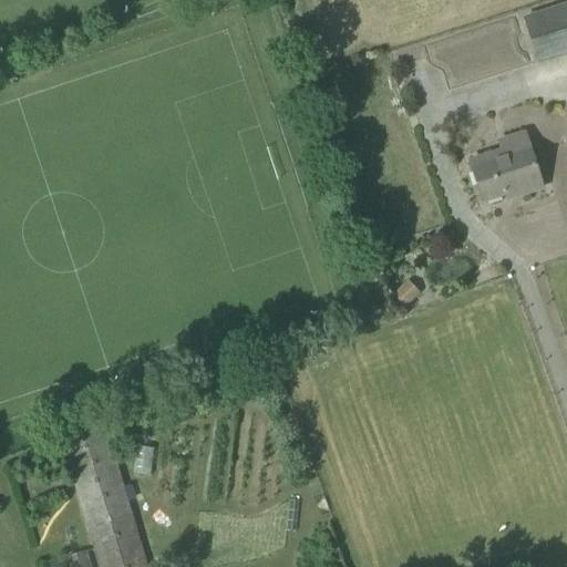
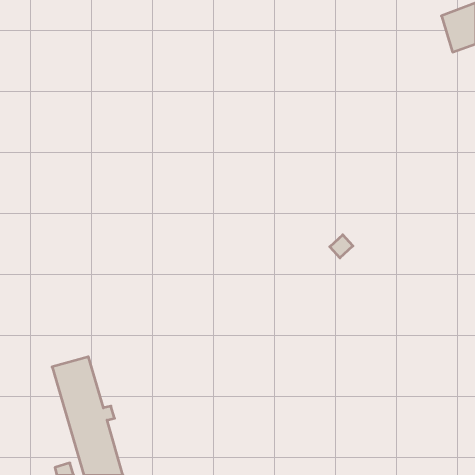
building: [473,133,544,200] -> none

